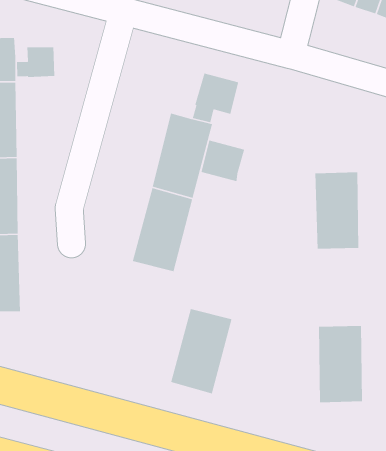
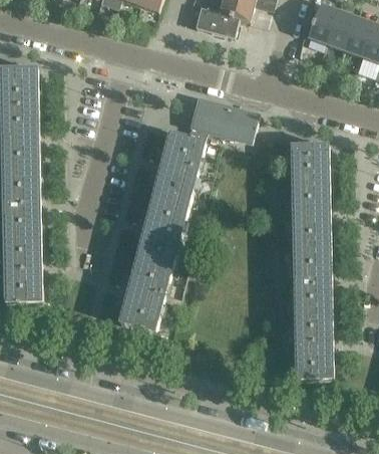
building: [16,47,55,78] -> none
building: none -> [291,145,328,184]
building: [201,140,245,182] -> [220,106,258,143]
building: none -> [293,248,331,314]
building: [170,308,233,394] -> [118,259,171,332]

